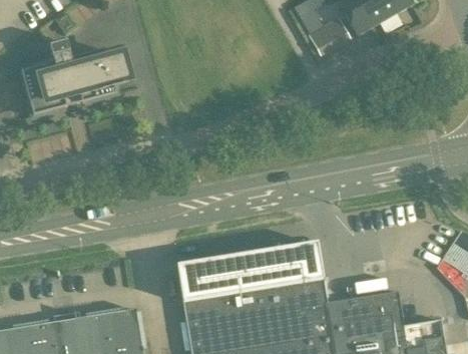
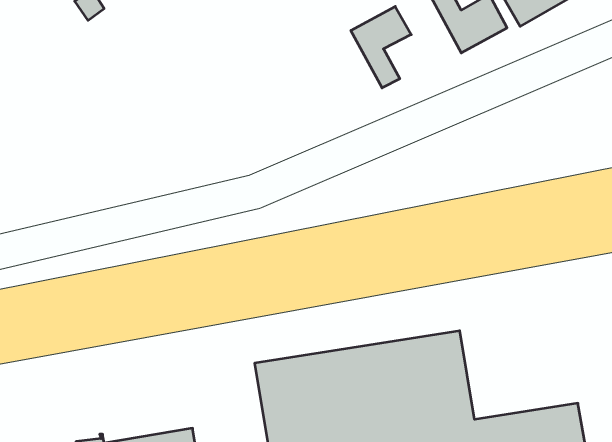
building: none -> [351,6,411,88]
building: [20,42,134,115] -> none

